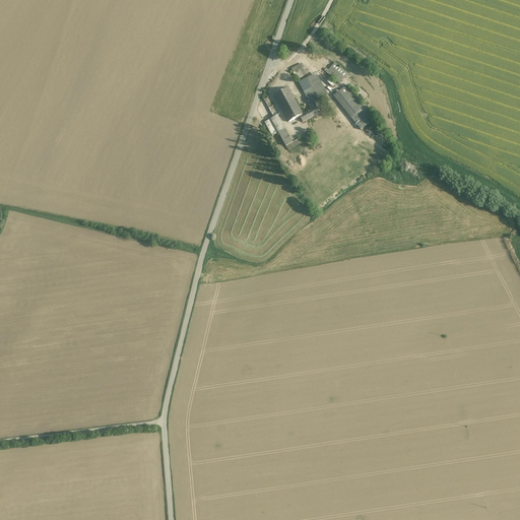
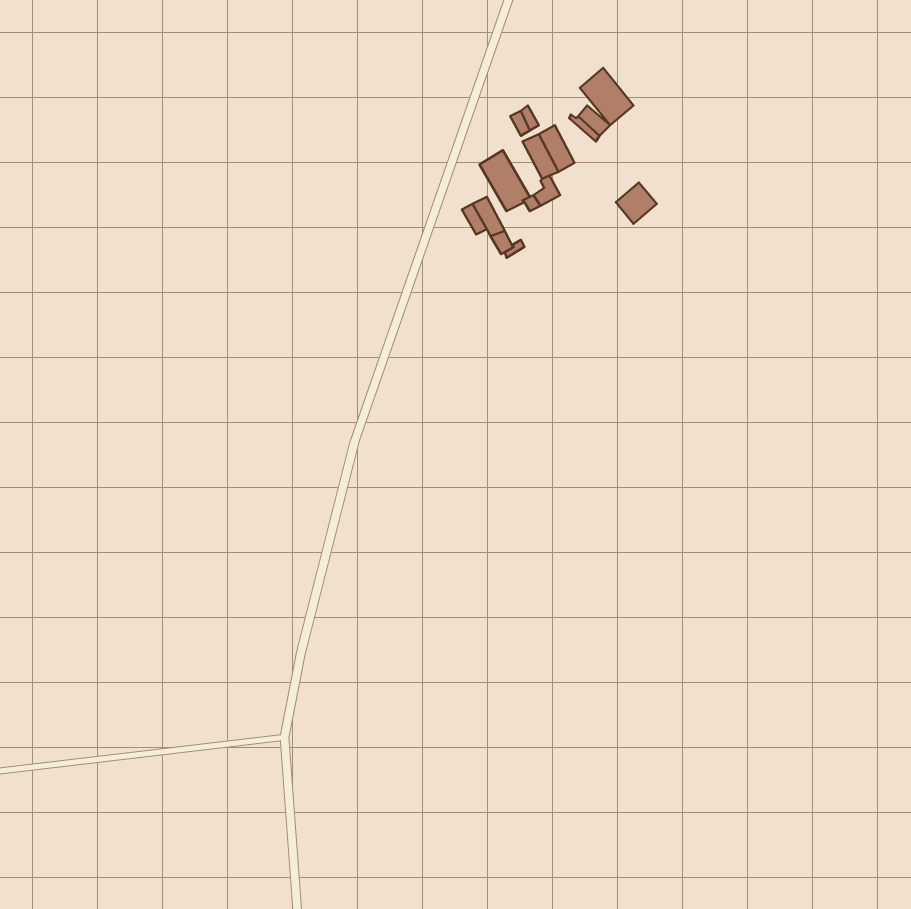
building: [332,82,363,115] -> [580,68,634,125]

